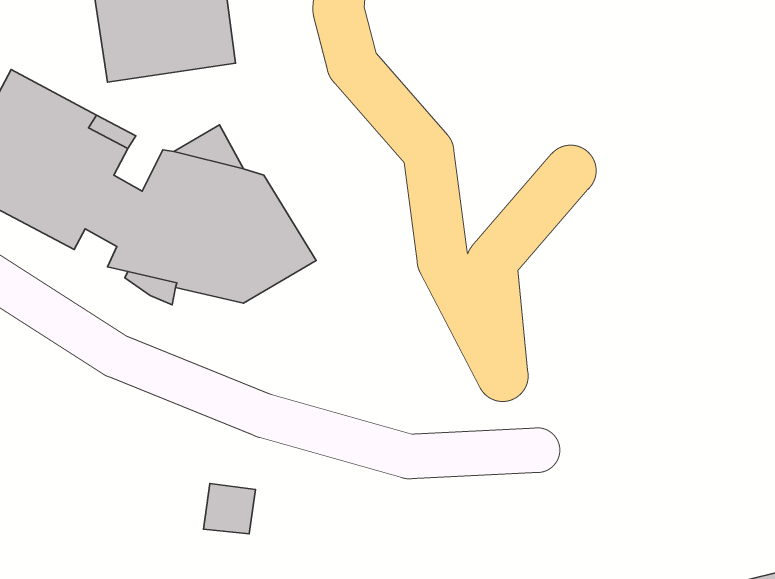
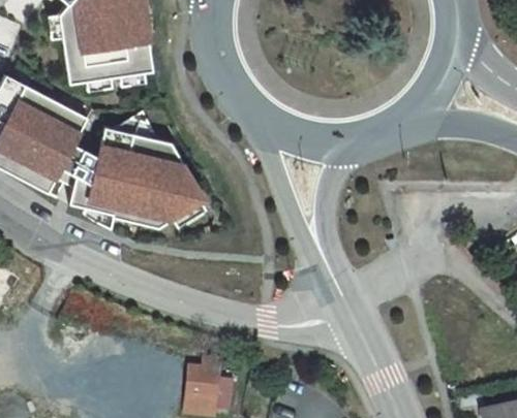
building: [203,483,256,534] -> [188,366,222,399]

